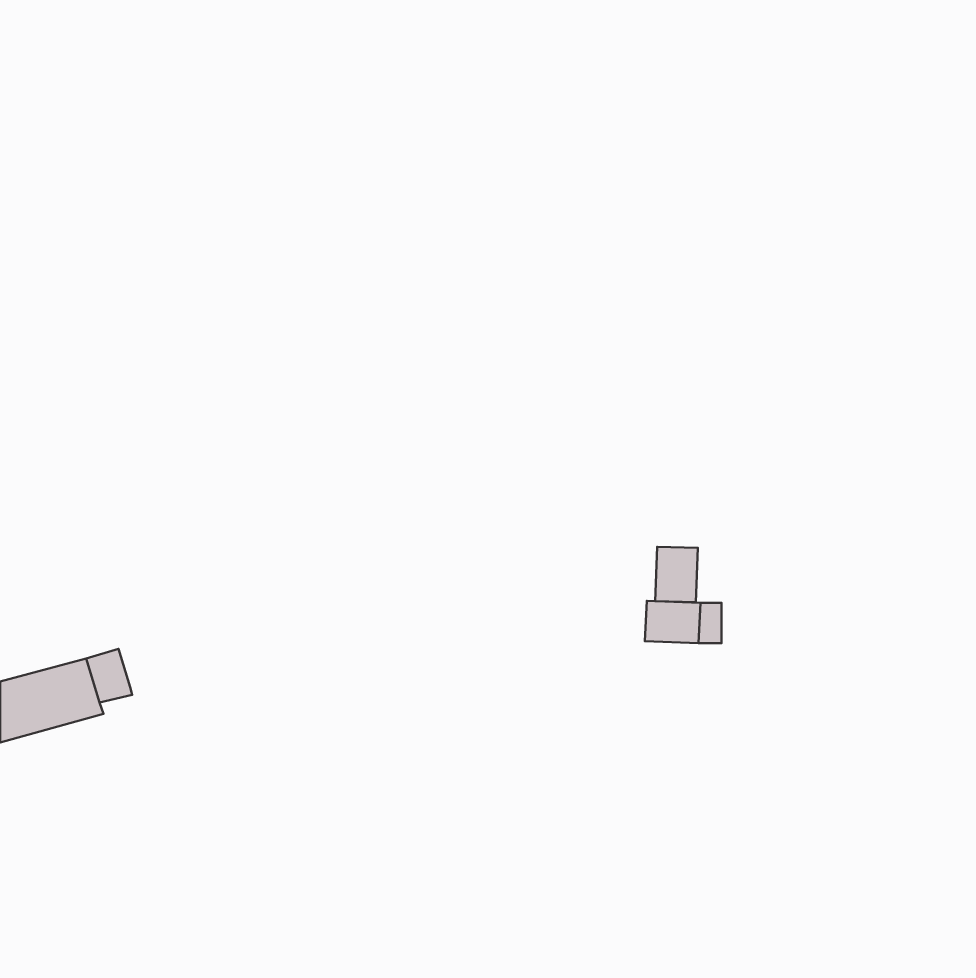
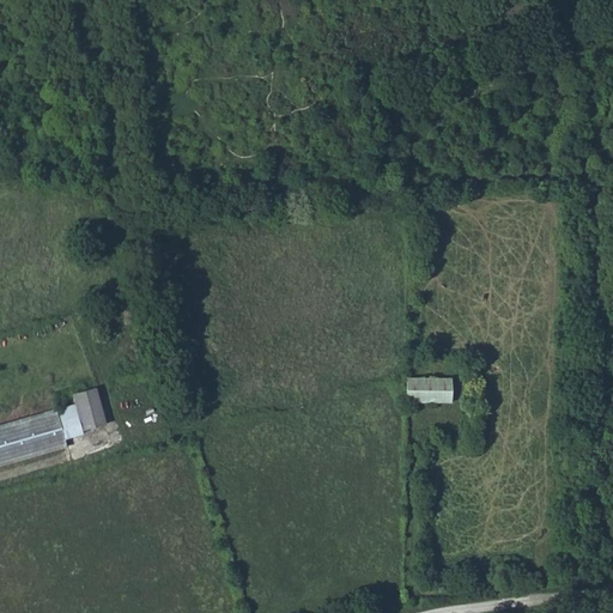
building: [655,547,698,602] -> none
building: none -> [72,388,104,430]

